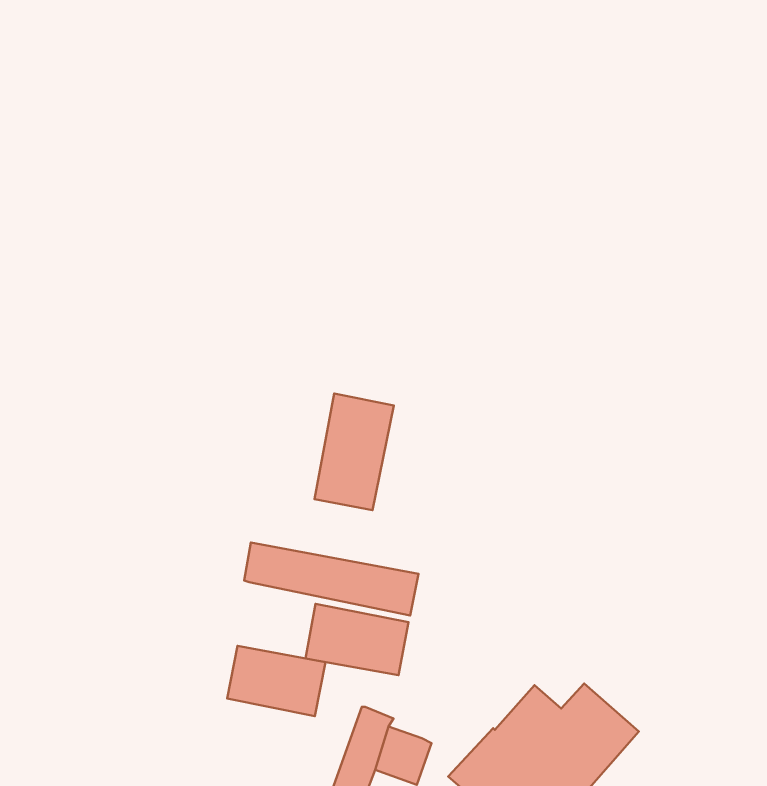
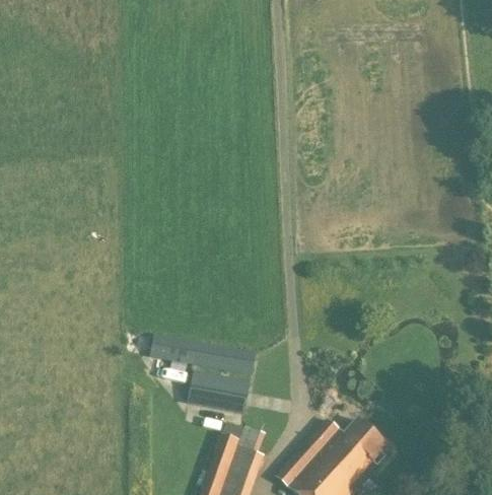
building: [315,393,394,510] -> none
building: [227,646,325,716] -> none

